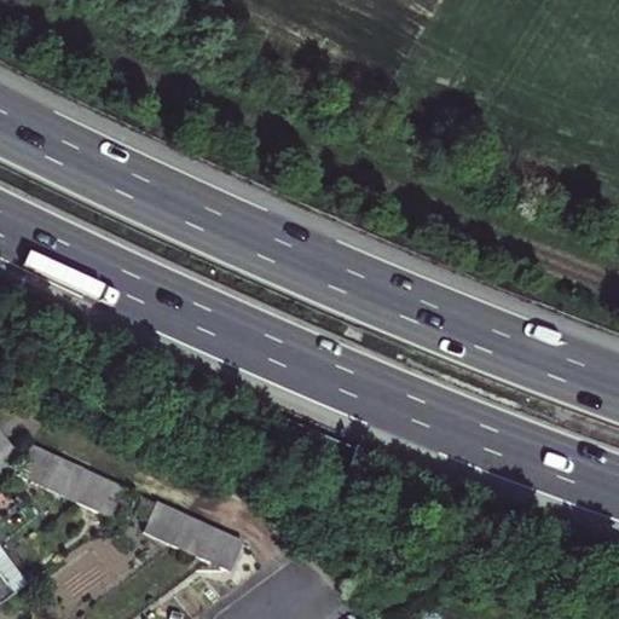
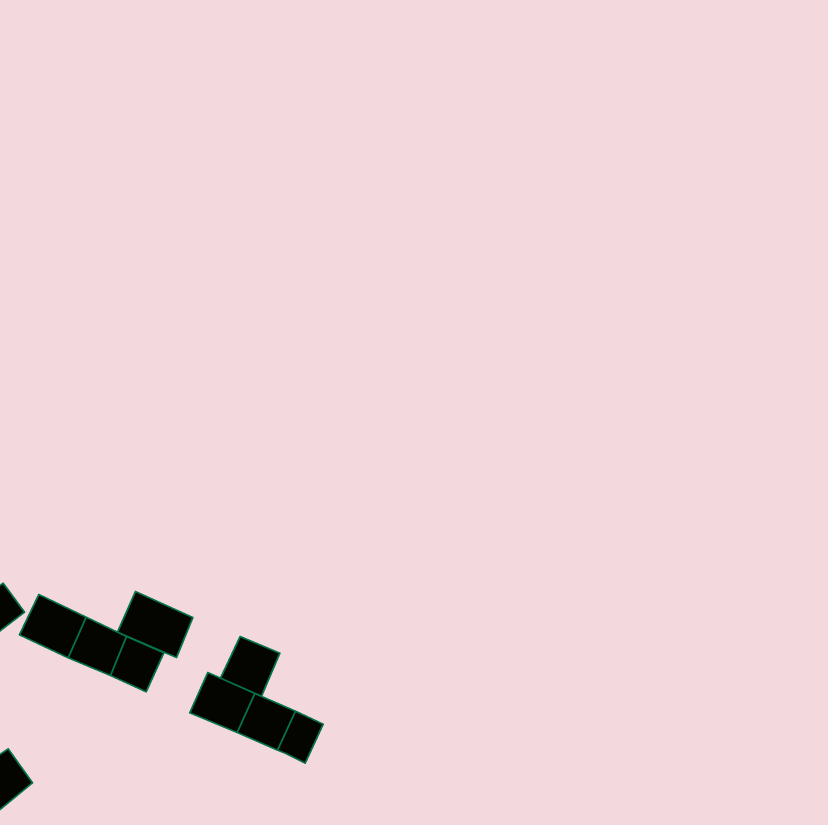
building: none -> [118,591,193,657]
building: none -> [221,636,280,696]

